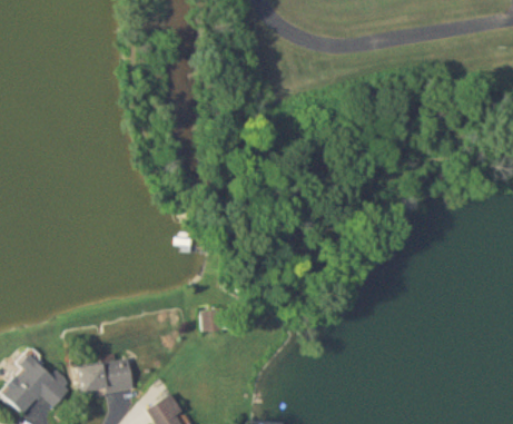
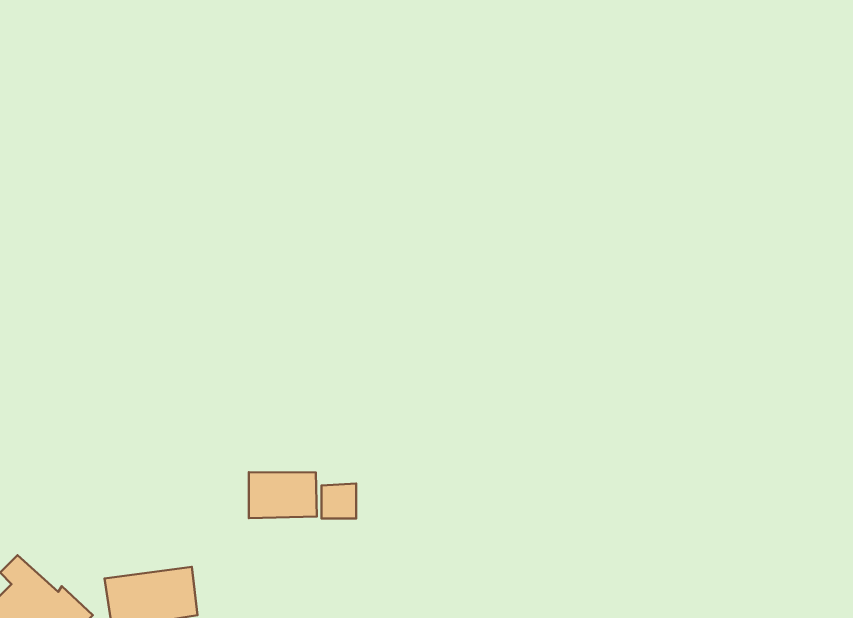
building: none -> [249,472,317,518]

